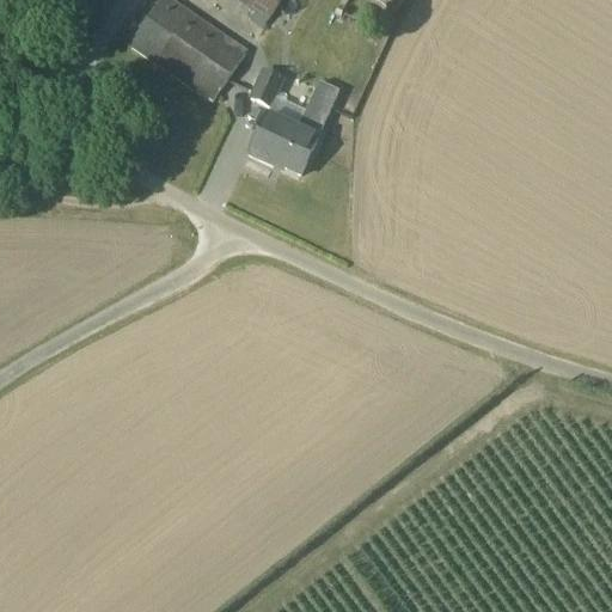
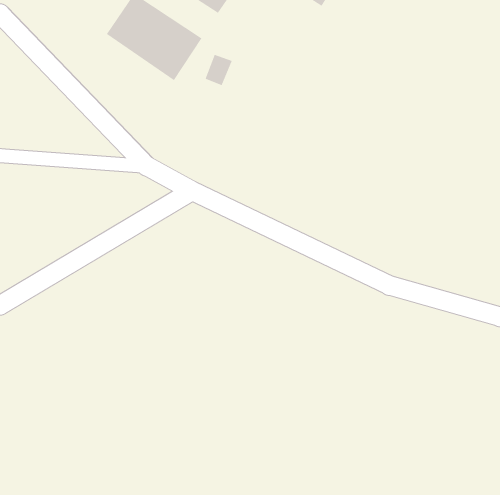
building: [247,79,338,172] -> none

